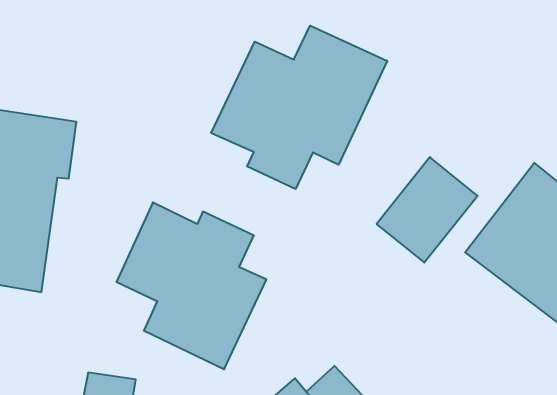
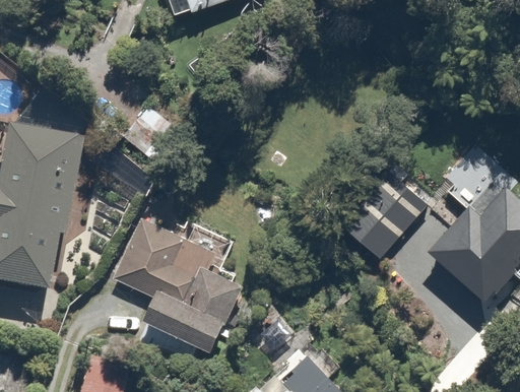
building: [211,26,387,189] -> none

